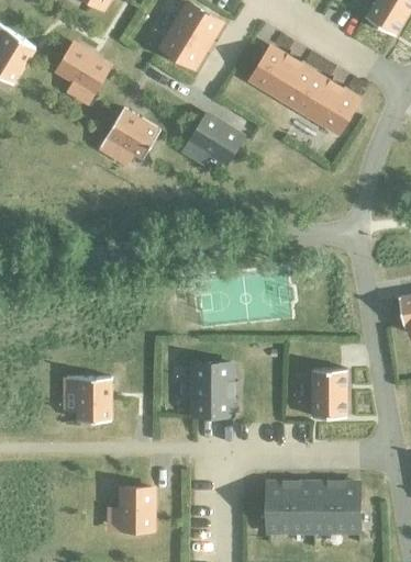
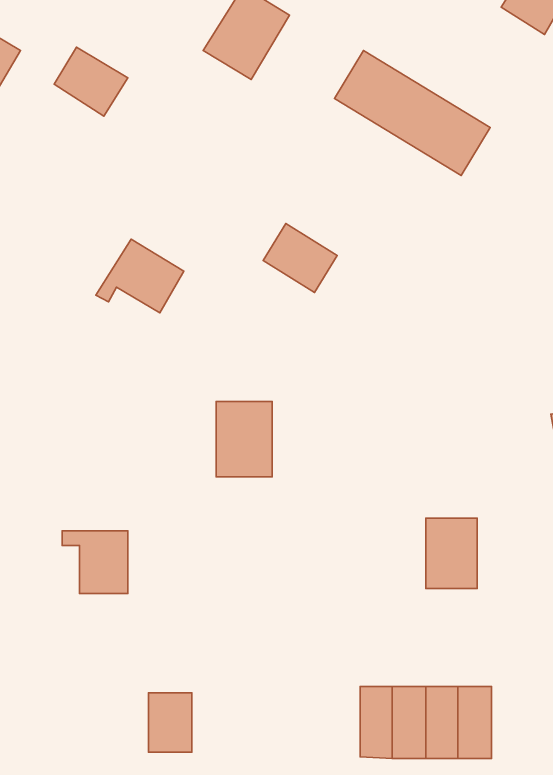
building: [98,109,158,159] -> [96,239,184,313]
building: [189,115,240,162] -> [263,224,337,292]
building: [192,362,231,414] -> [216,401,272,477]

